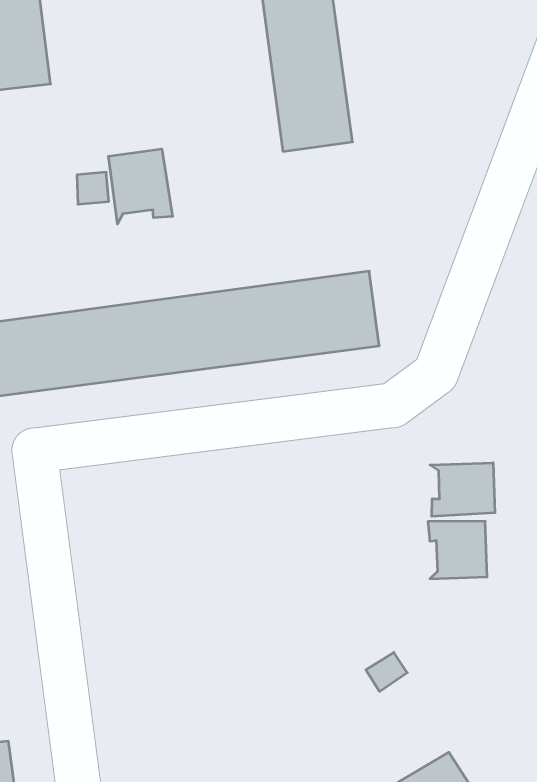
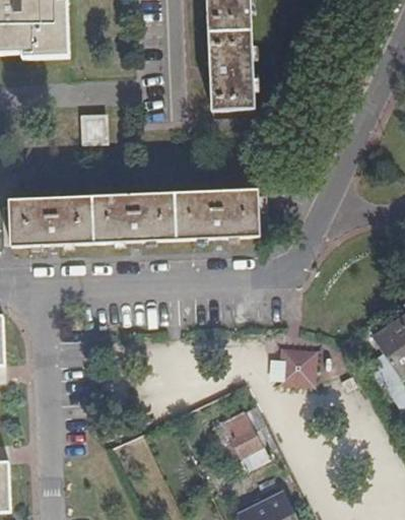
building: [108,149,173,224] -> none
building: [430,463,495,516] -> none

